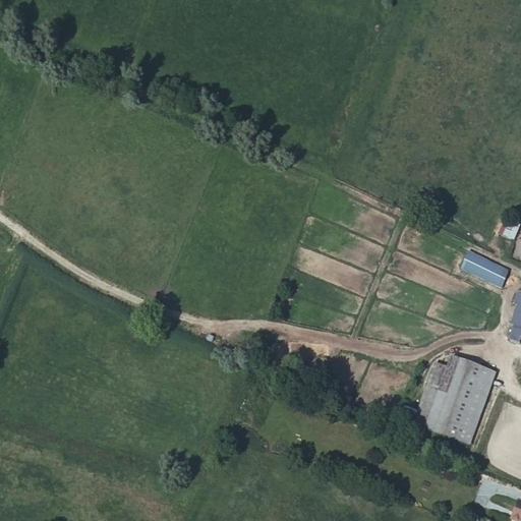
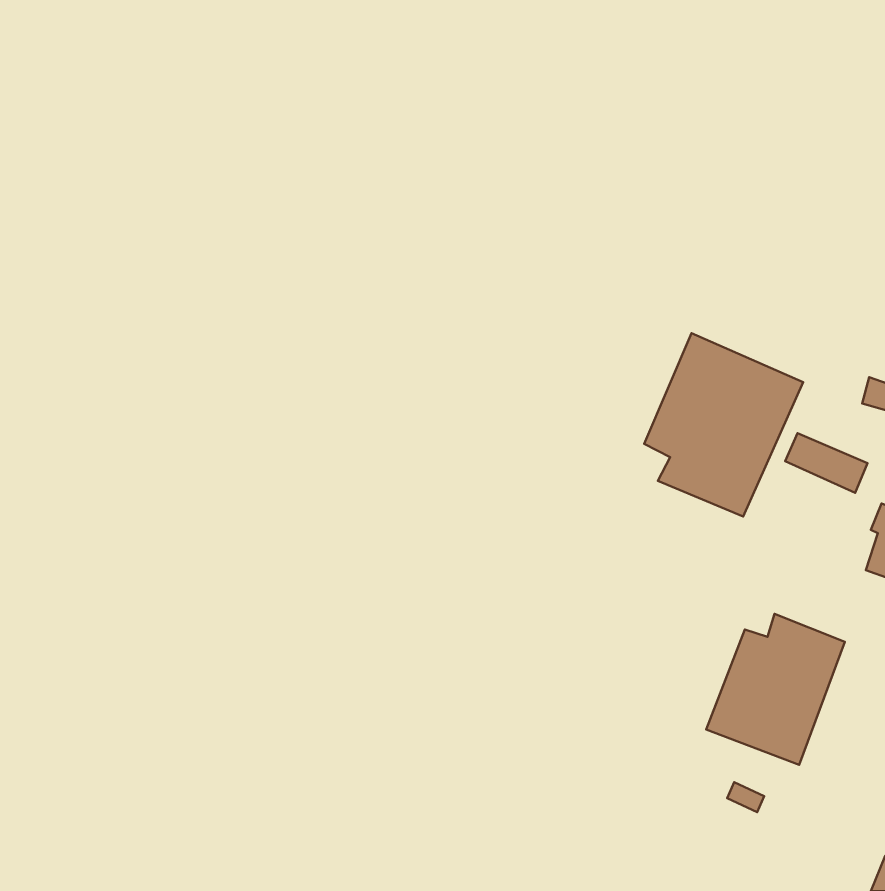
building: none -> [644,333,803,517]

